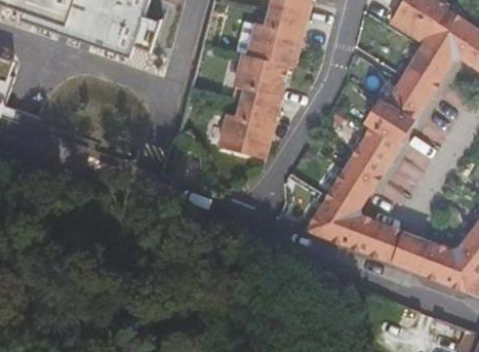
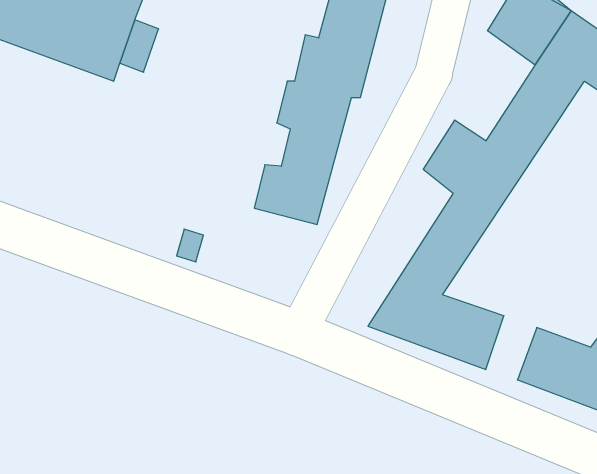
building: [382,220,416,264] -> none

